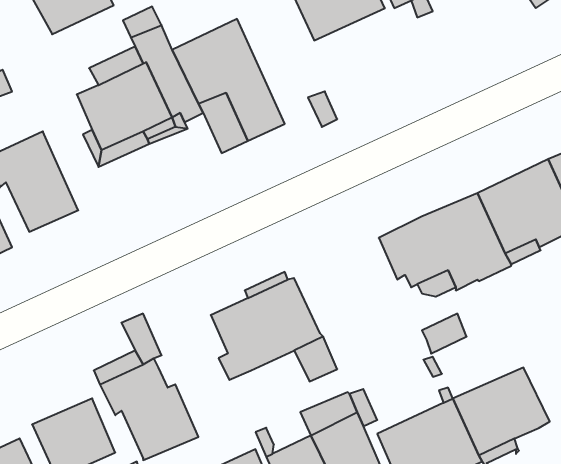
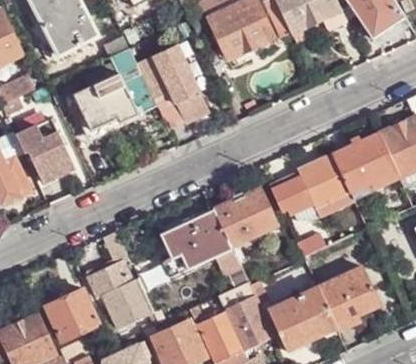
building: none -> [214,189,278,247]

